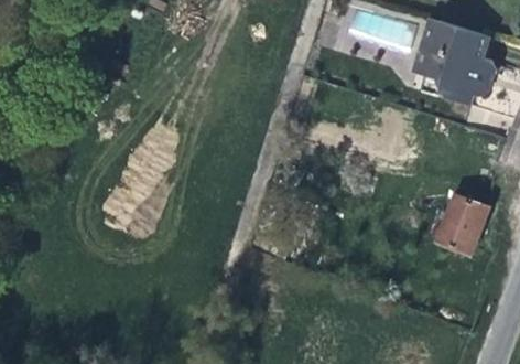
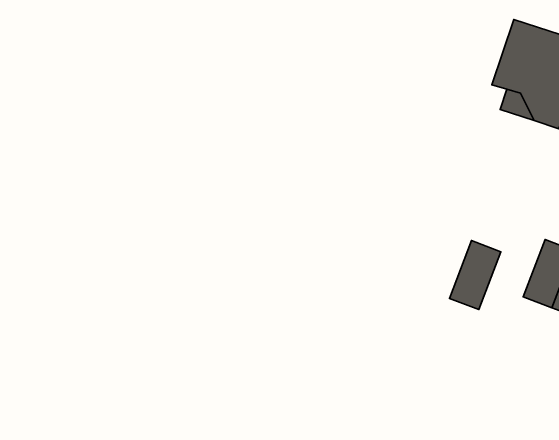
building: none -> [450,241,501,310]

